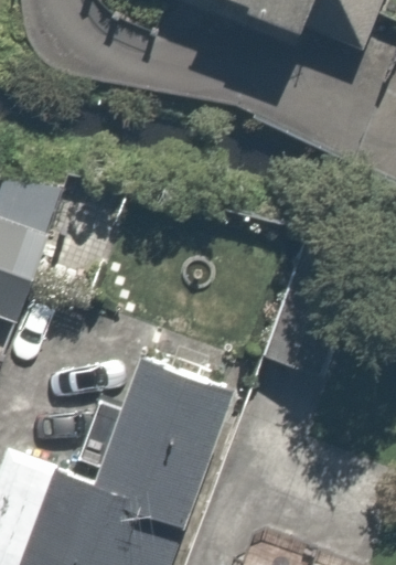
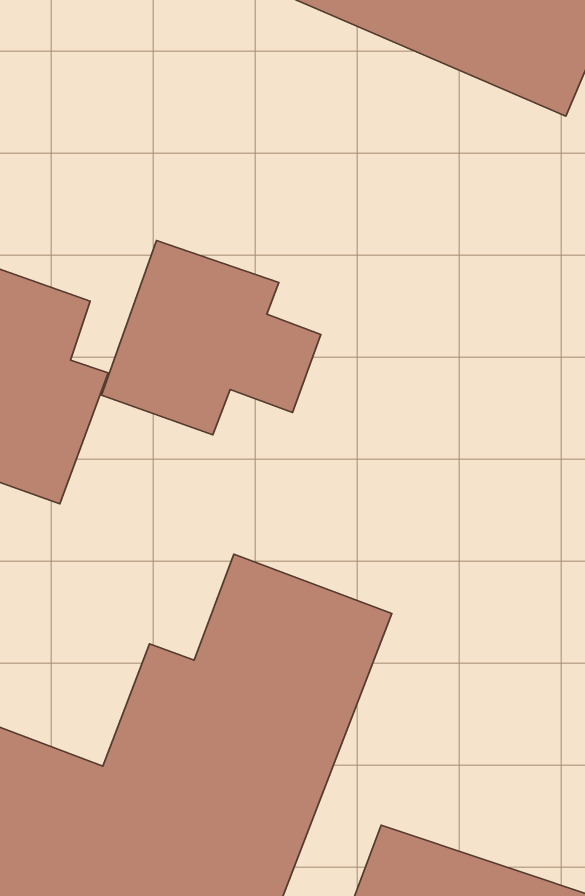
building: none -> [101,240,321,435]

